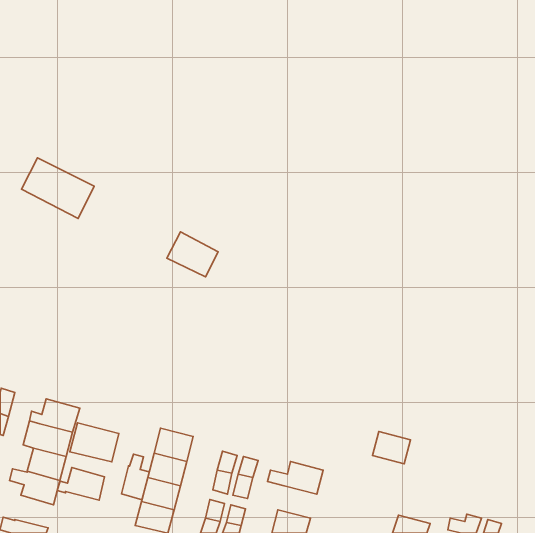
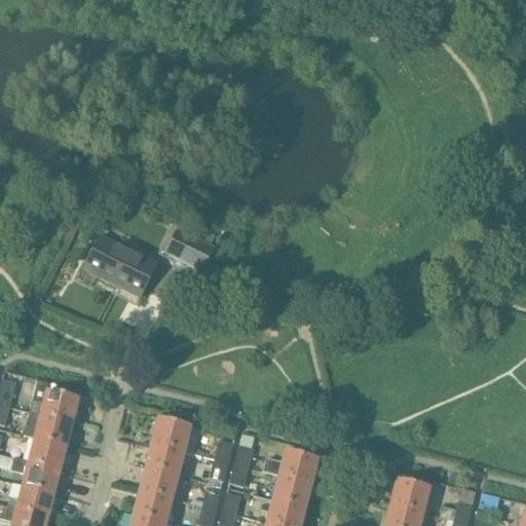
building: [22,158,94,219] -> [84,238,155,298]
building: [70,423,119,462] -> none
building: [373,431,410,464] -> [391,481,428,513]
building: [121,454,149,500] -> none
building: [57,468,104,500] -> [7,485,53,517]
building: none -> [273,476,311,508]

